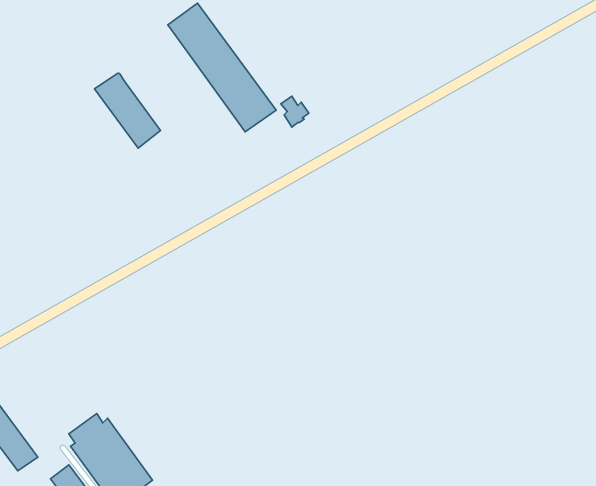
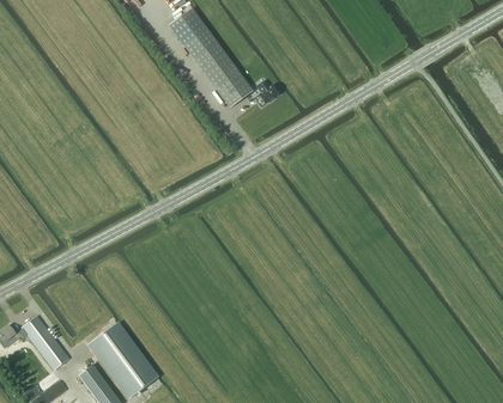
building: [94,73,160,148] -> none

